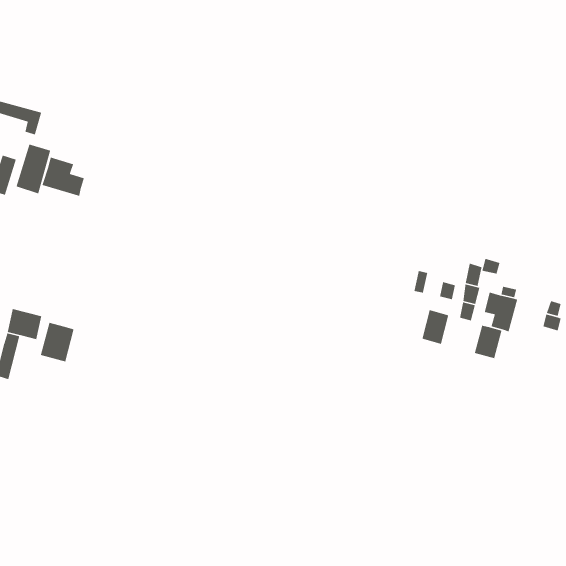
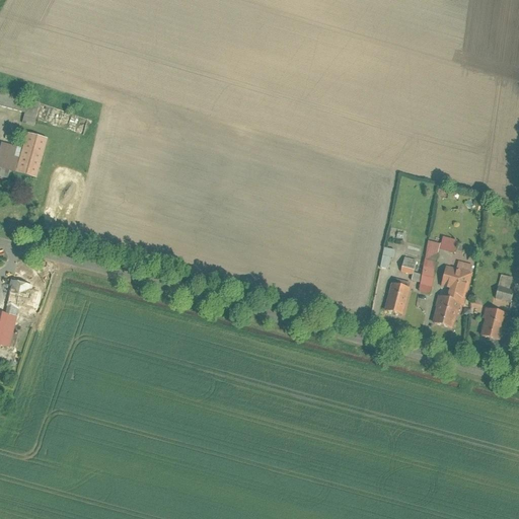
building: [42,157,85,197] -> none
building: [40,322,75,362] -> none
building: none -> [480,308,508,341]

